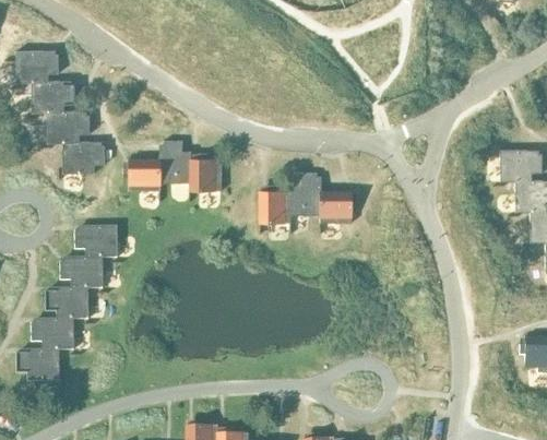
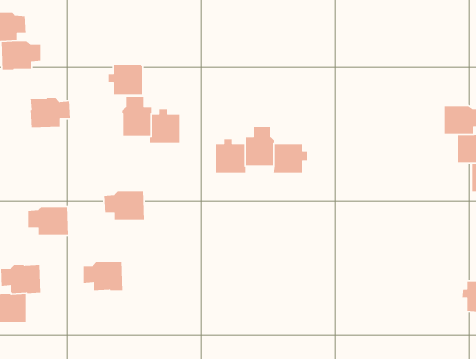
building: [46,110,90,154] -> none
building: [123,157,160,190] -> [108,64,143,95]
building: [74,225,118,257] -> [103,190,145,220]
building: [46,287,88,319] -> [83,261,123,291]

